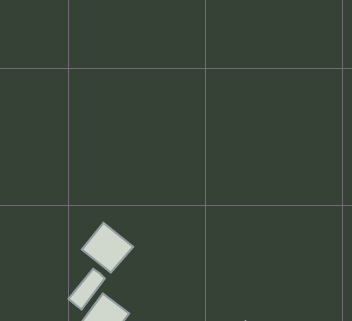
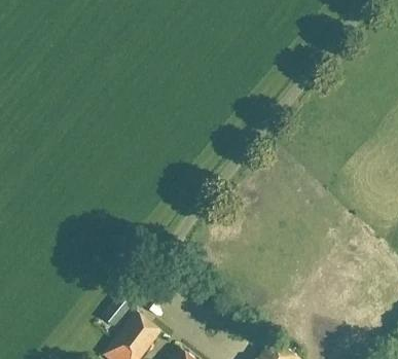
building: [82,223,133,273] -> none

